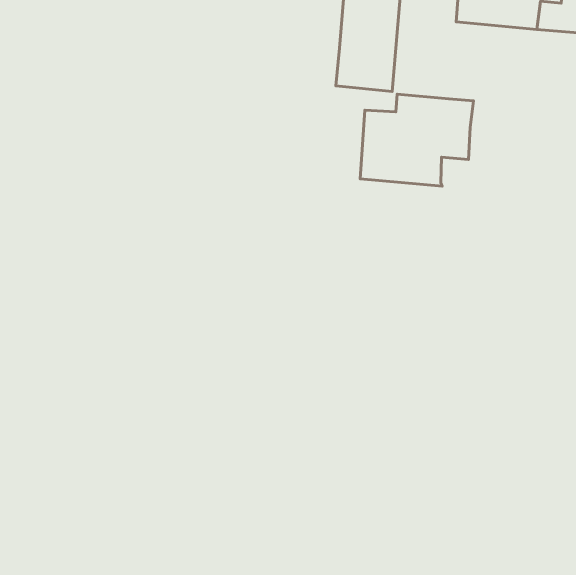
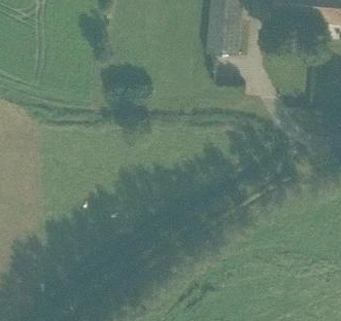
building: [360,94,473,186] -> none

